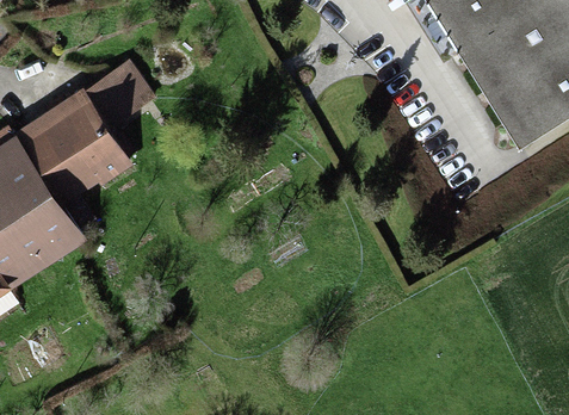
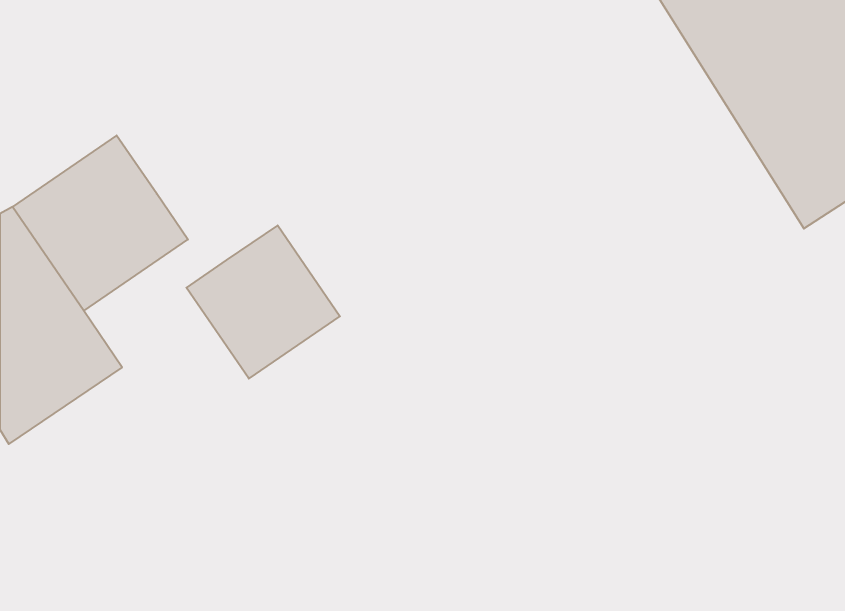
building: [76,60,149,129] -> none
building: none -> [186,225,340,379]

